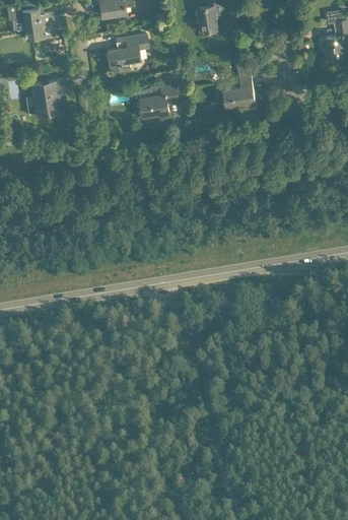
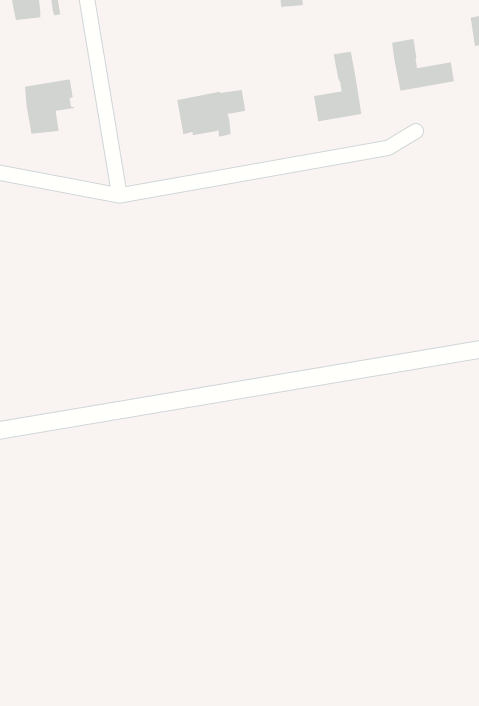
building: [108,36,147,72] -> none
building: none -> [391,38,455,91]

